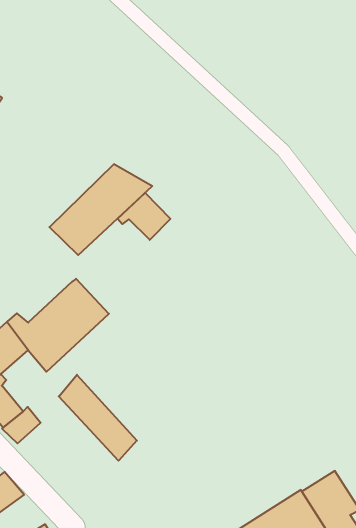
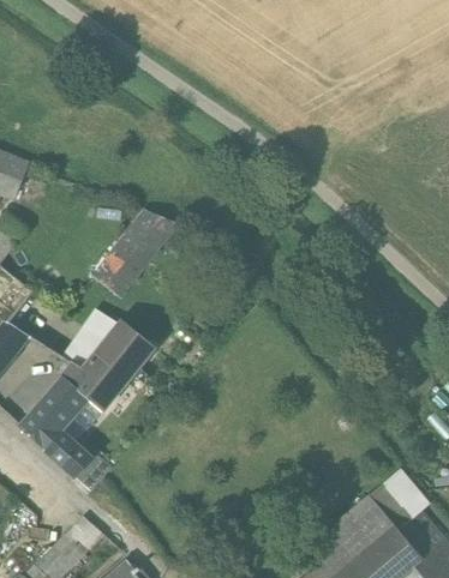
building: [118,193,170,240] -> none
building: none -> [65,312,121,372]
building: [59,375,137,461] -> none

